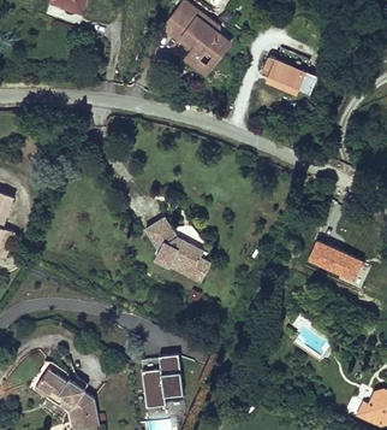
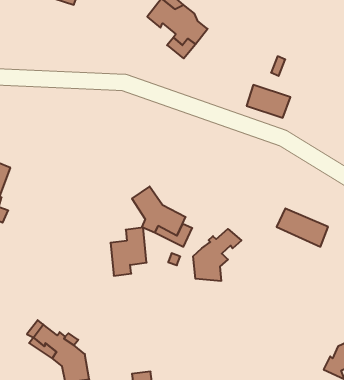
building: [257,55,305,92] -> [247,85,290,118]
building: none -> [193,229,241,281]
building: [141,352,180,405] -> [110,228,147,276]

